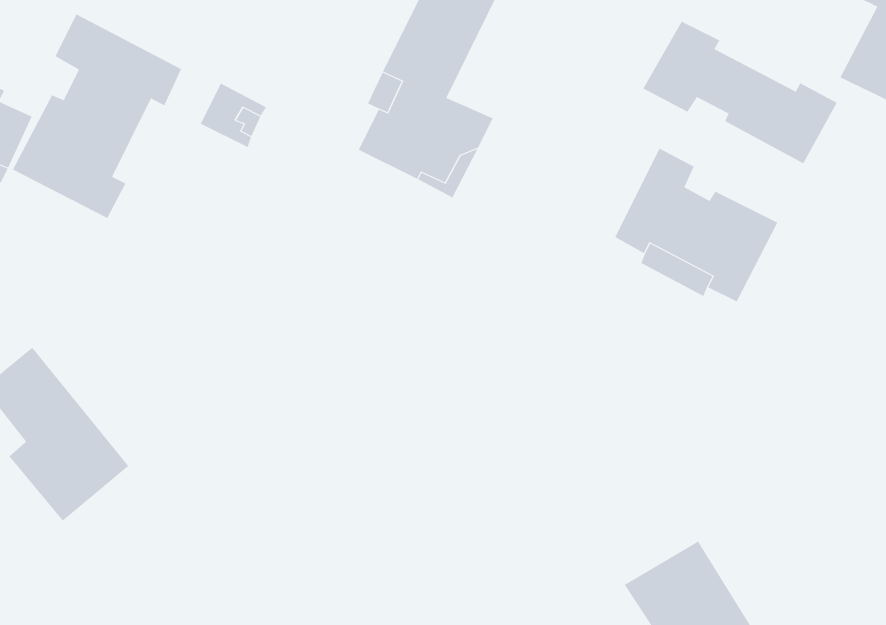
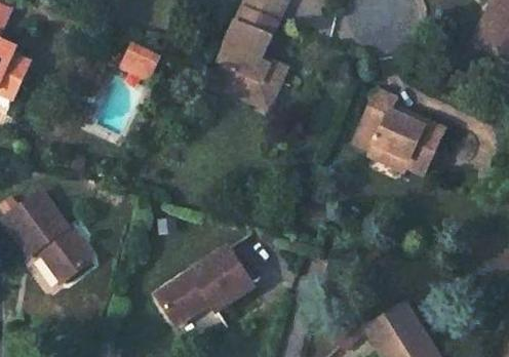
building: [12,13,182,219] -> none
building: [643,21,837,164] -> none
building: none -> [154,249,251,326]

